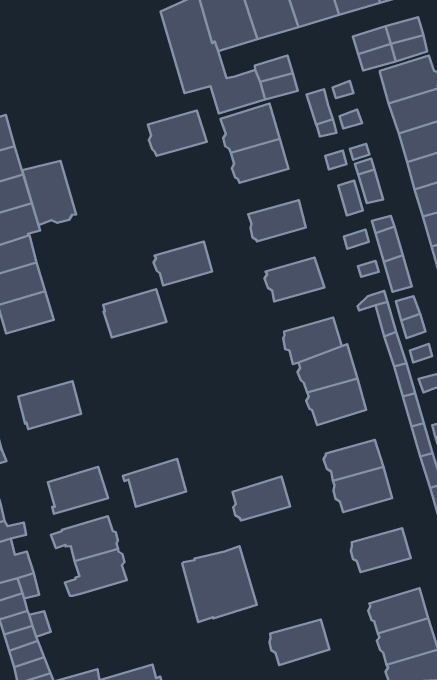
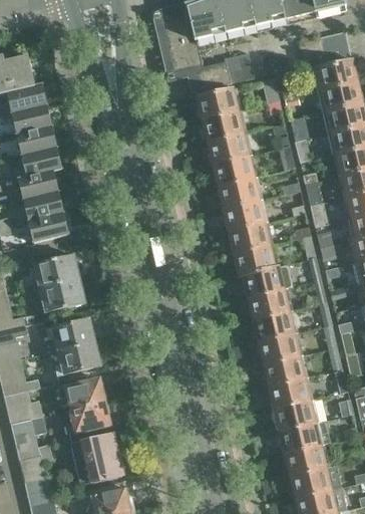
building: [148,111,207,156] -> [208,135,250,166]
building: [22,161,76,225] -> none
building: [154,242,212,286] -> [217,178,259,208]
building: none -> [228,222,270,252]
building: [103,289,166,337] -> [33,255,78,288]
building: [123,459,186,507] -> [48,318,93,351]
building: [232,477,290,520] -> [254,312,295,342]
building: none -> [268,377,311,408]
building: [182,546,257,622] -> [69,433,121,486]
building: [269,620,329,665] -> [278,422,321,453]

